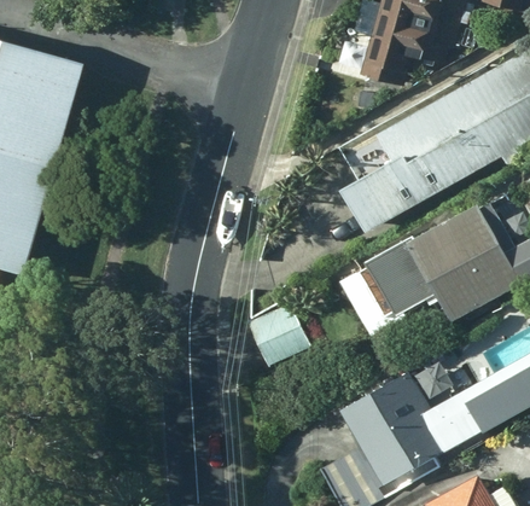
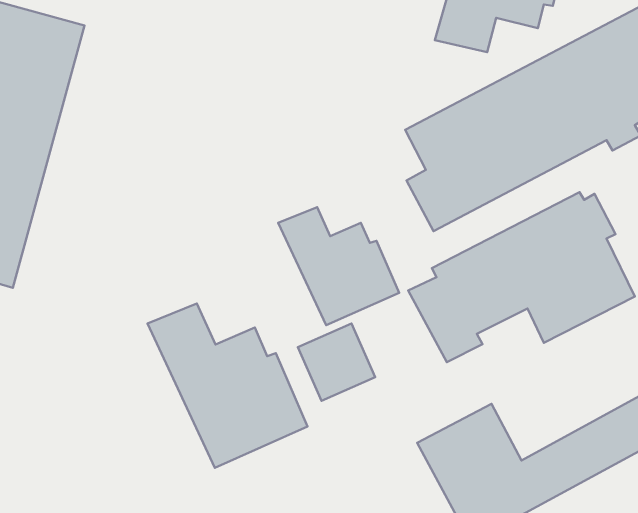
building: none -> [278,207,399,325]
building: none -> [147,304,308,468]

